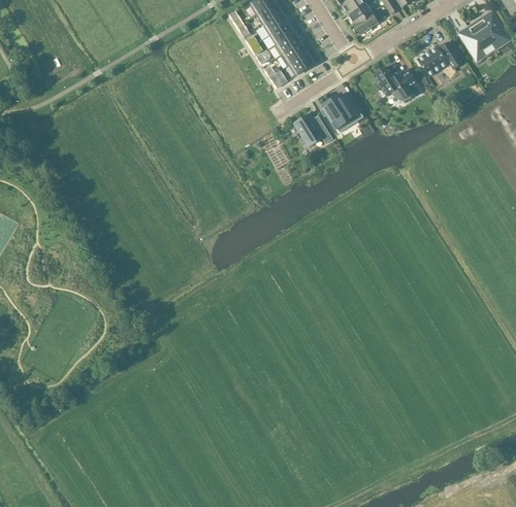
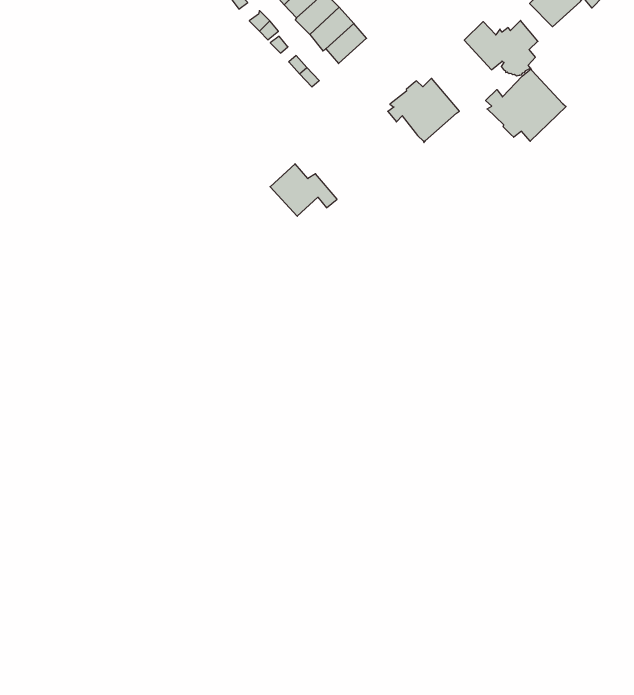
building: none -> [486,68,566,141]
building: [292,112,331,144] -> [270,164,337,216]

